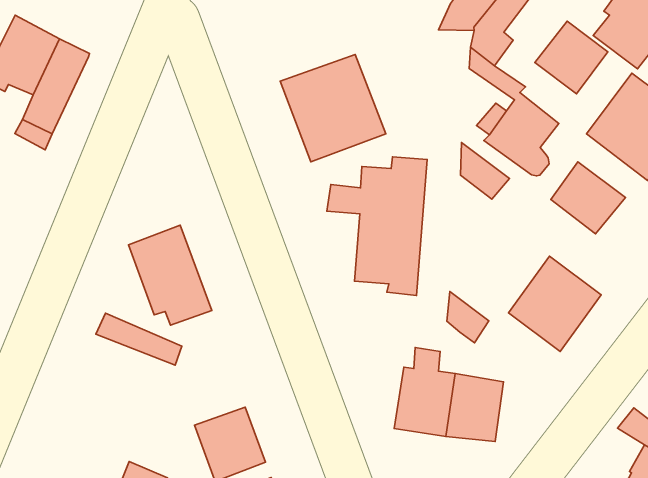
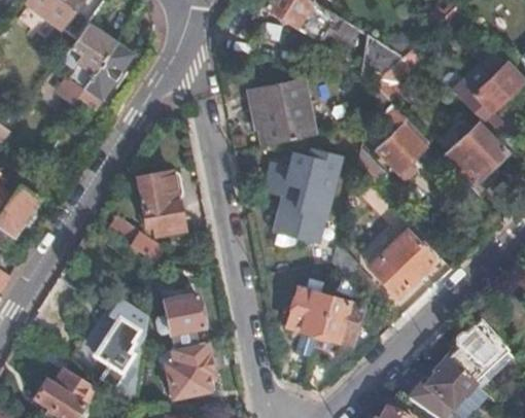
building: [535,21,608,94] -> none
building: [551,162,625,234] -> none

